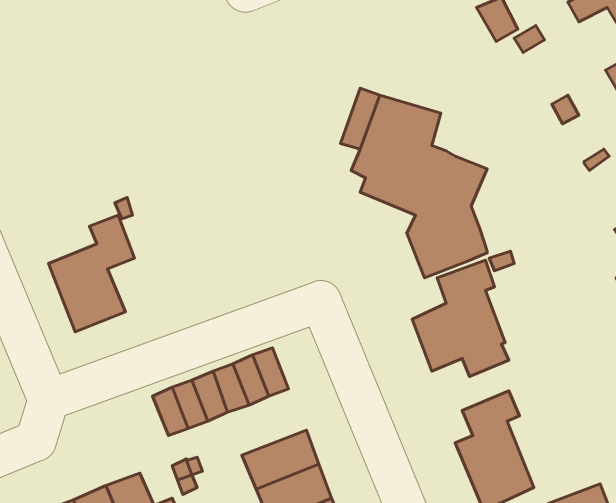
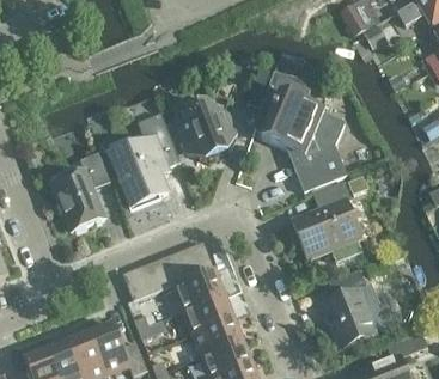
building: none -> [179,94,236,159]
building: none -> [111,112,179,204]
building: none -> [172,270,225,311]

